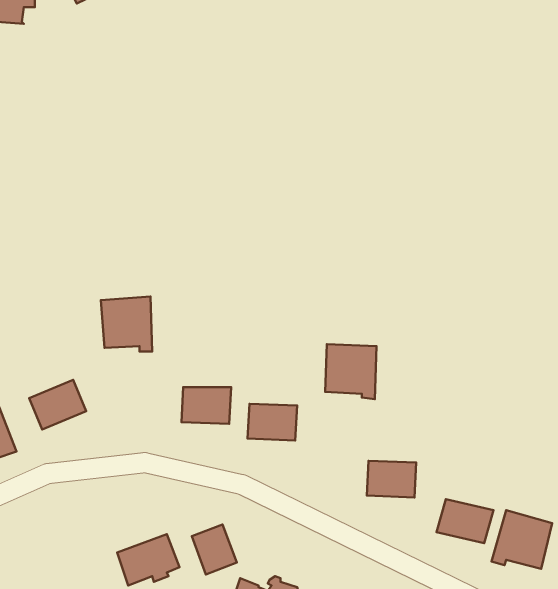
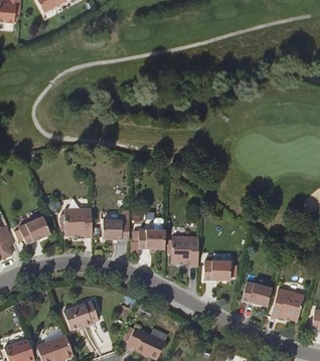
building: [101,297,152,352] -> [62,207,91,237]
building: [325,344,377,399] -> [169,236,197,266]
building: [192,524,237,574] -> none

